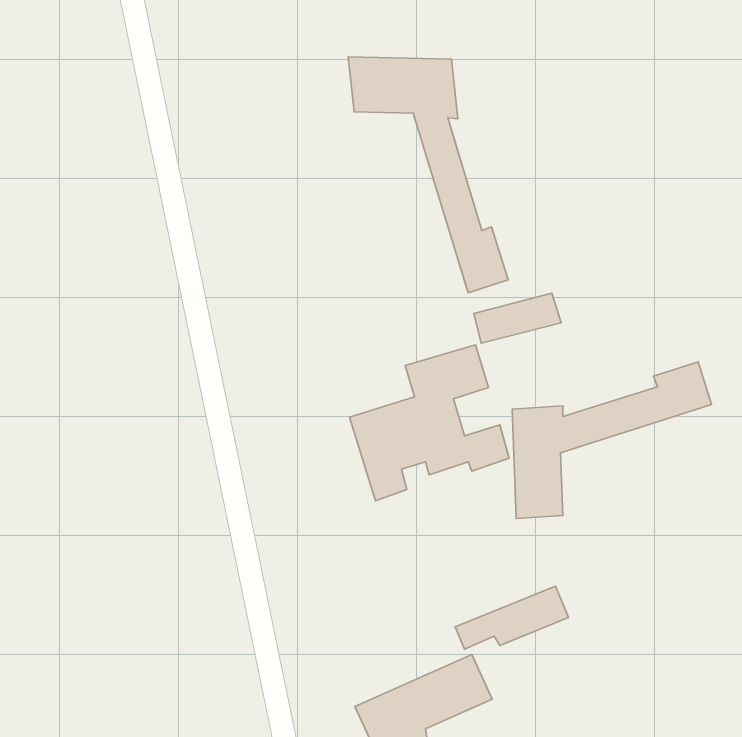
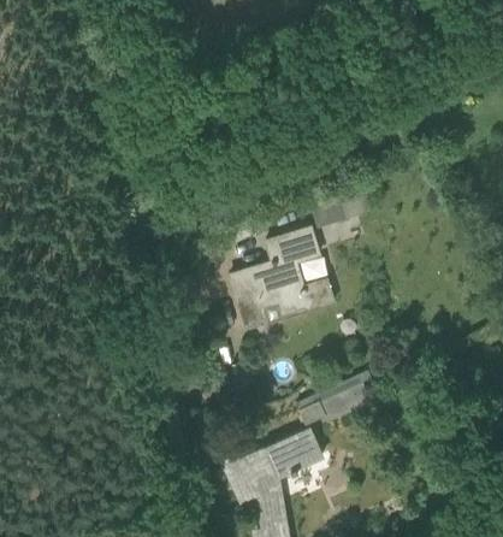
building: [348,57,508,293] -> none
building: [512,362,712,519] -> none

